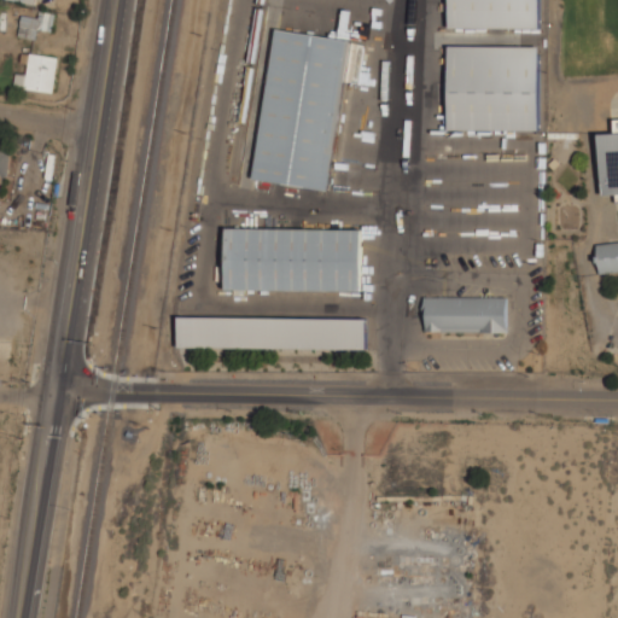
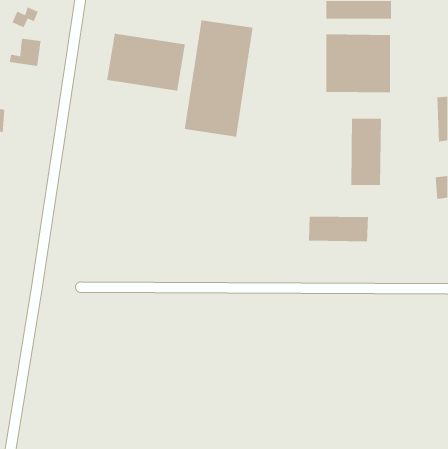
building: none -> [106,33,186,91]
building: none -> [350,118,382,186]
building: [225,225,360,288] -> none
building: [176,317,365,350] -> none

